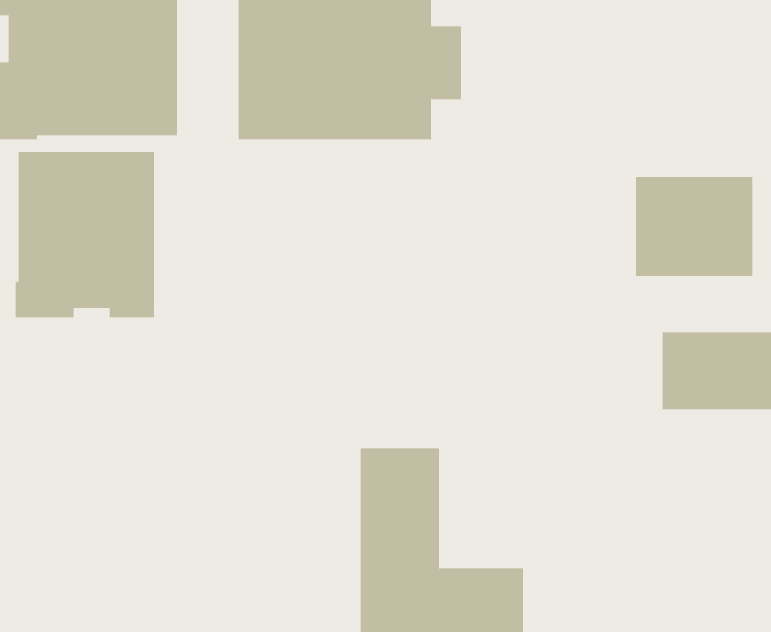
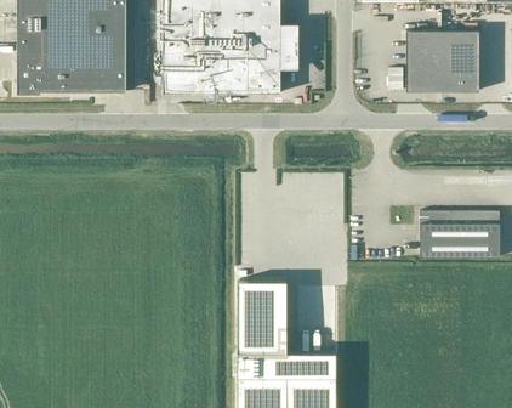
building: [15,151,154,318] -> none
building: [635,176,753,276] -> [406,30,478,91]

